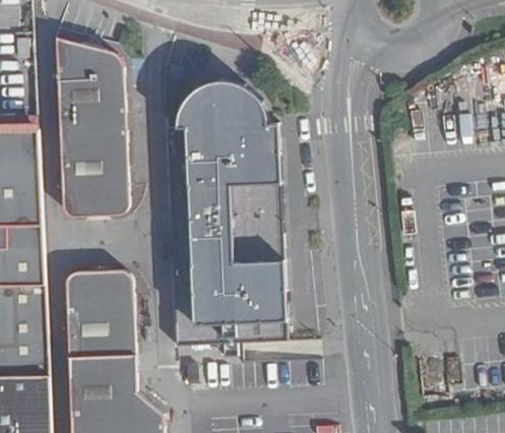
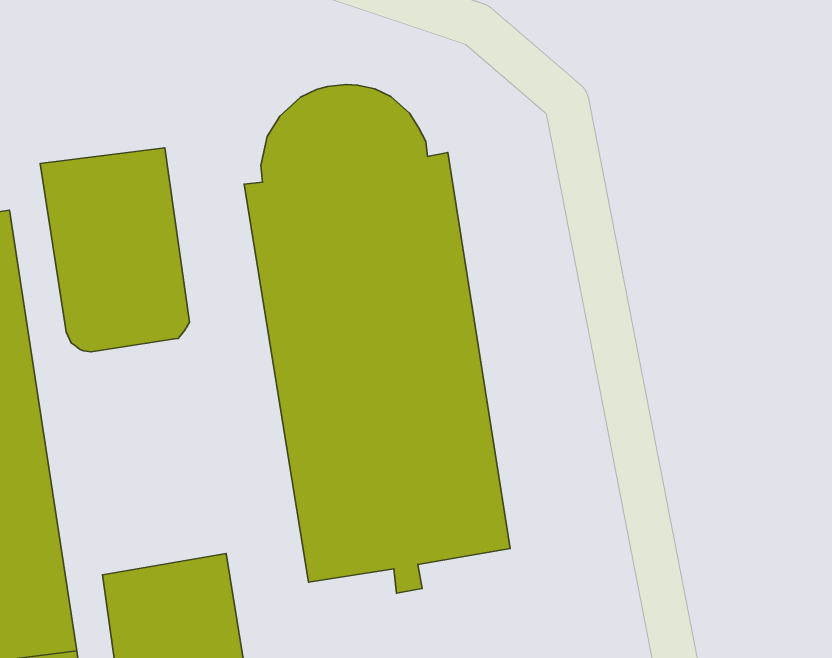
building: [53,24,124,101] -> none
building: [63,259,133,326] -> none

